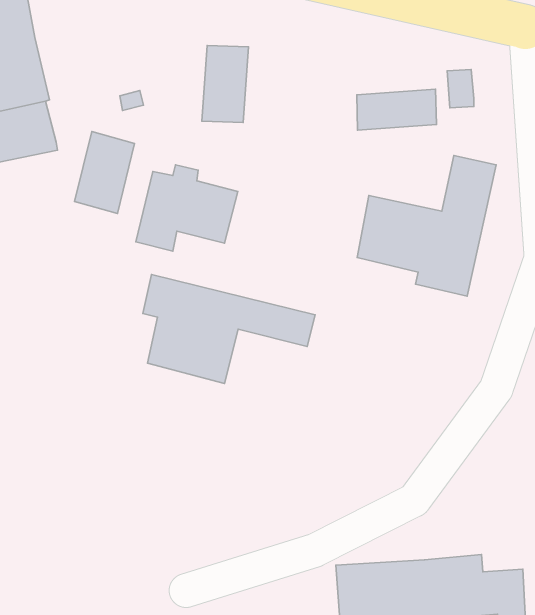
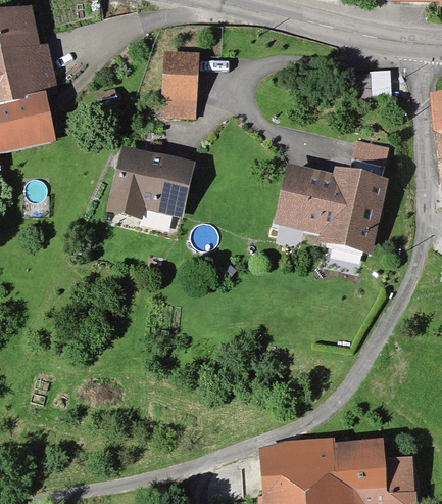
building: [357,89,436,130] -> none
building: [75,132,135,214] -> none
building: [143,275,315,383] -> none

